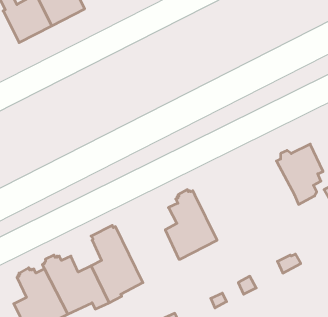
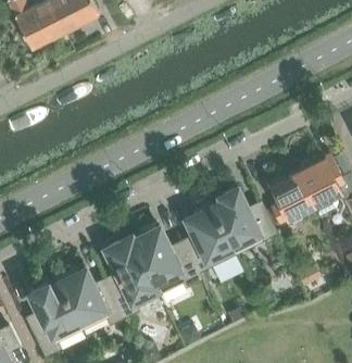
building: none -> [268,172,314,224]
building: none -> [212,189,275,253]
building: none -> [130,227,200,297]

